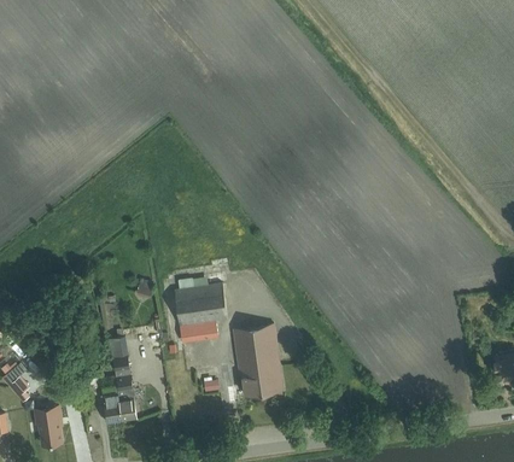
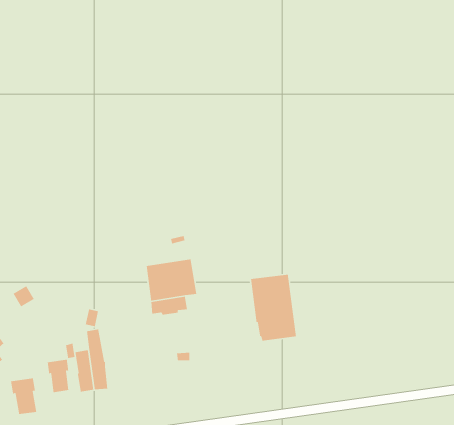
building: [233,326,281,396] -> [250,274,297,342]
building: none -> [47,359,69,393]

